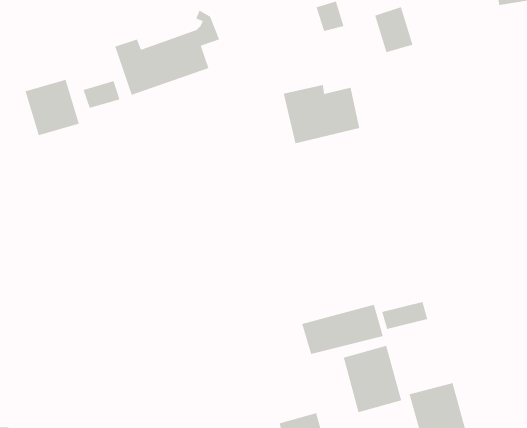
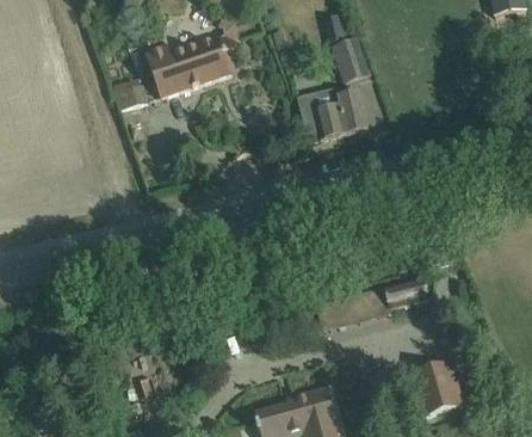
building: [374,6,413,53] -> [335,38,371,81]
building: [24,79,80,136] -> none
building: [343,345,402,413] -> none

